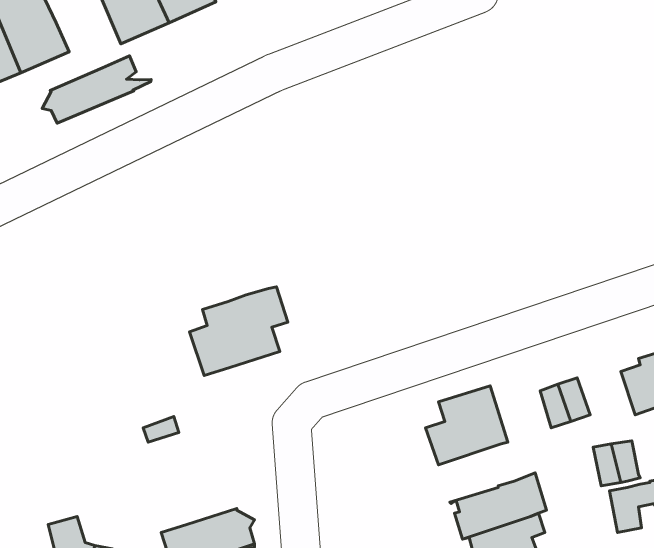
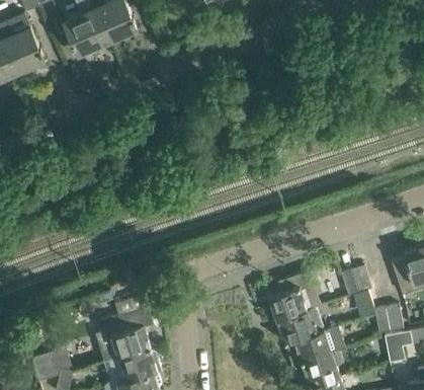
building: [42,56,151,123] -> none
building: [190,287,288,376] -> [94,307,156,363]
building: none -> [277,307,325,343]

